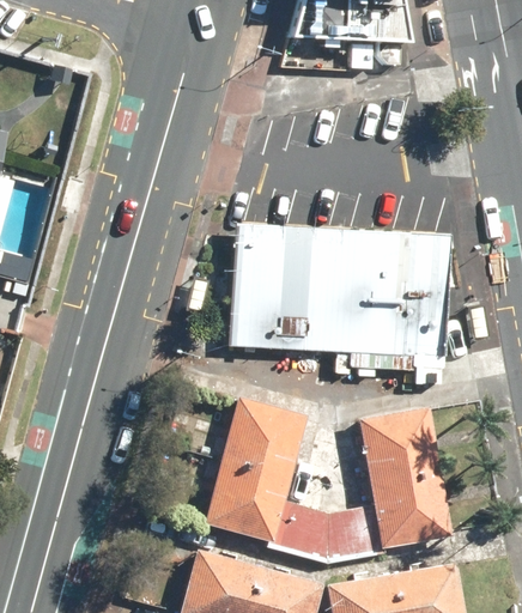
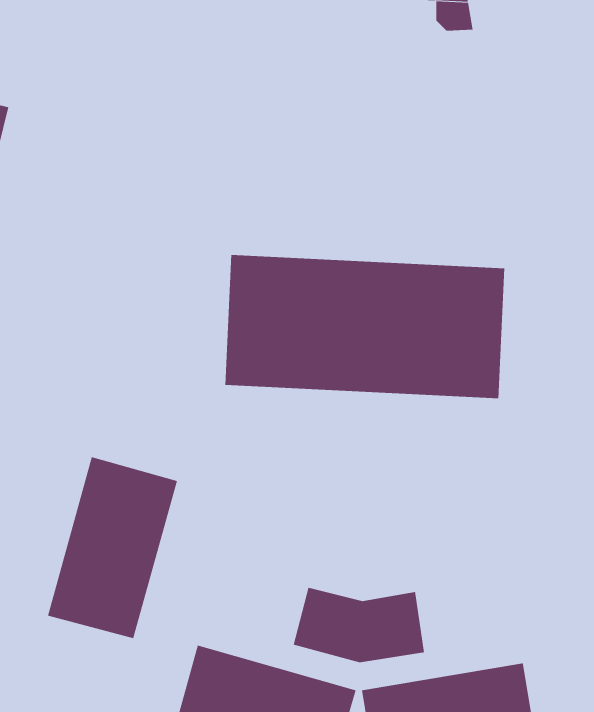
building: [201,397,304,541] -> [47,456,178,639]
building: [356,407,450,548] -> none

